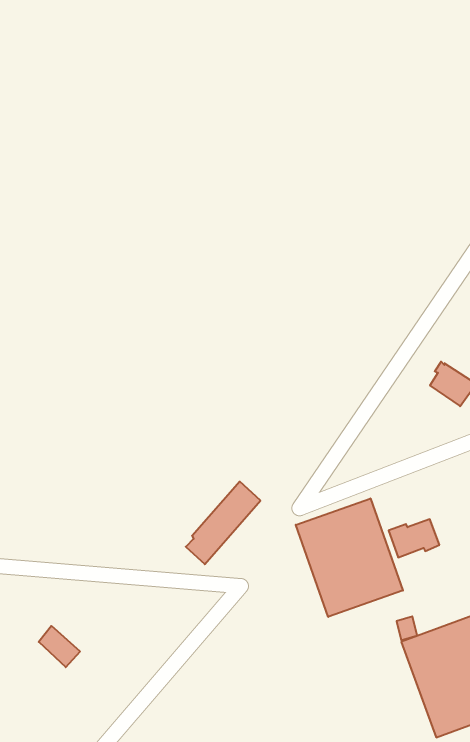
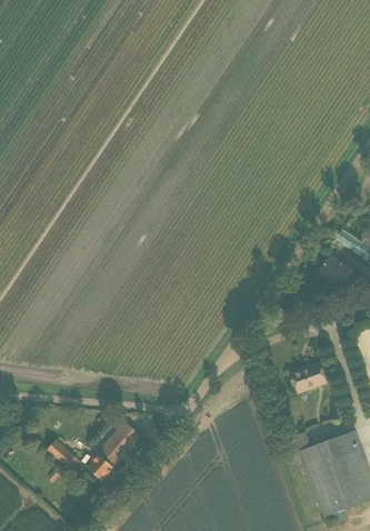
building: [186,482,260,564] -> [88,422,140,480]
building: [296,498,403,617] -> none

